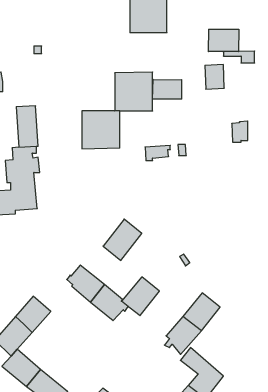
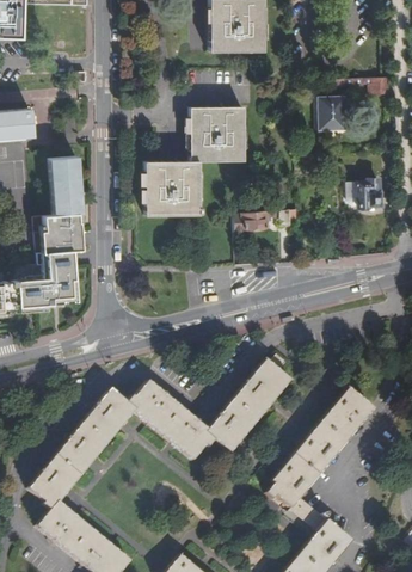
building: [208,29,239,52] -> none
building: [153,79,182,99] -> none
building: [103,219,142,260] -> [232,361,287,419]
building: none -> [318,388,370,442]
building: none -> [78,390,133,448]

